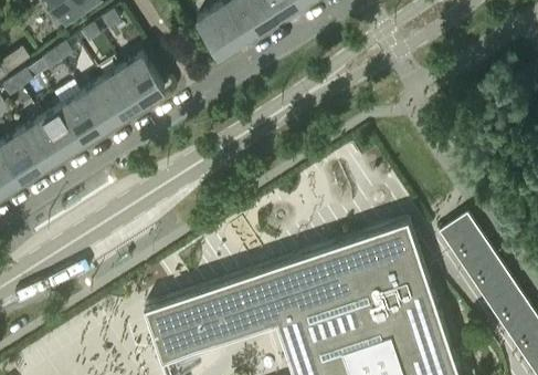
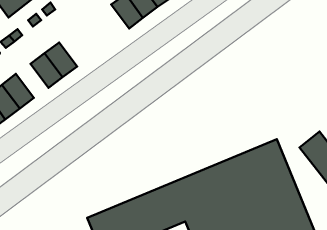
building: [123,58,165,104] -> none
building: [61,96,104,143] -> none

